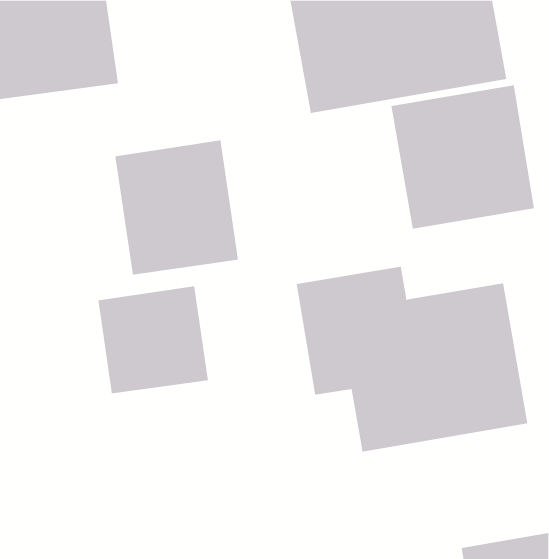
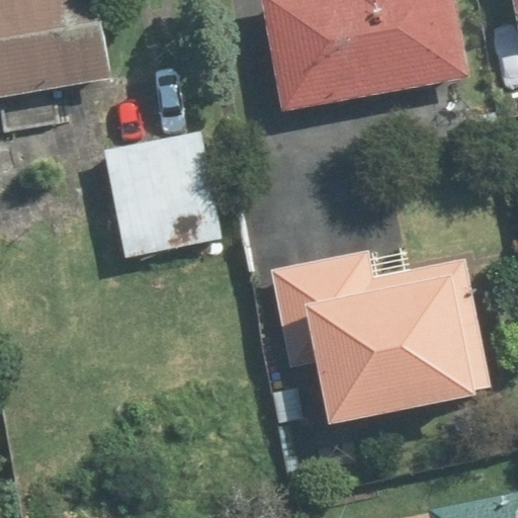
building: [391,84,535,230] -> none
building: [98,285,209,394] -> none

